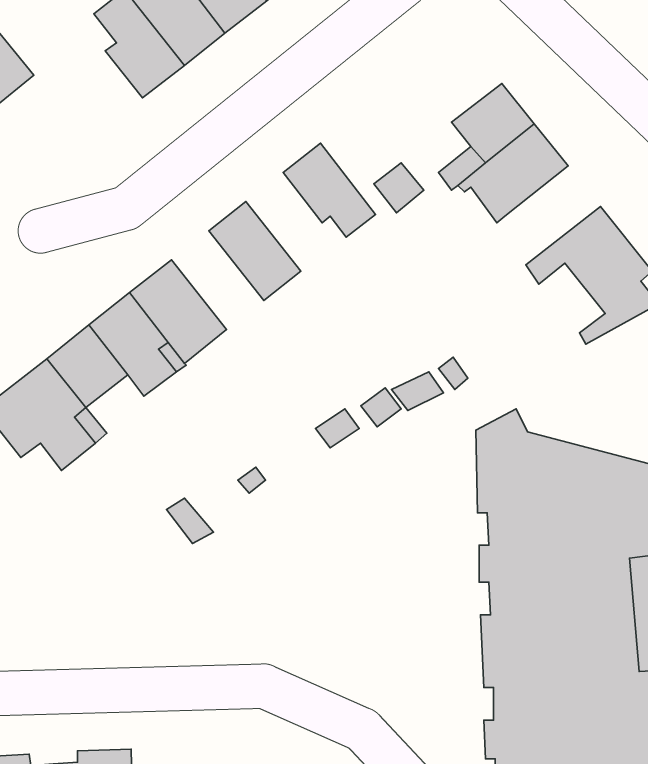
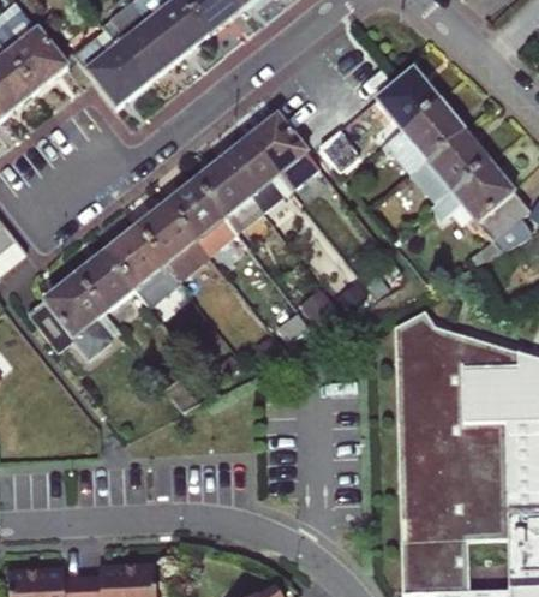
building: none -> [76,37,148,106]
building: none -> [417,131,487,204]
building: none -> [224,136,293,209]
building: none -> [169,179,238,252]

